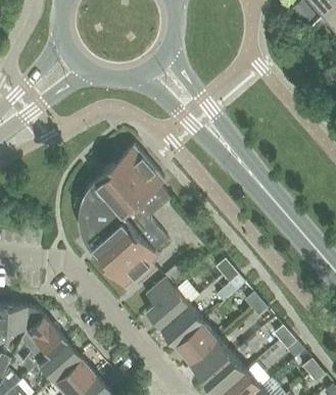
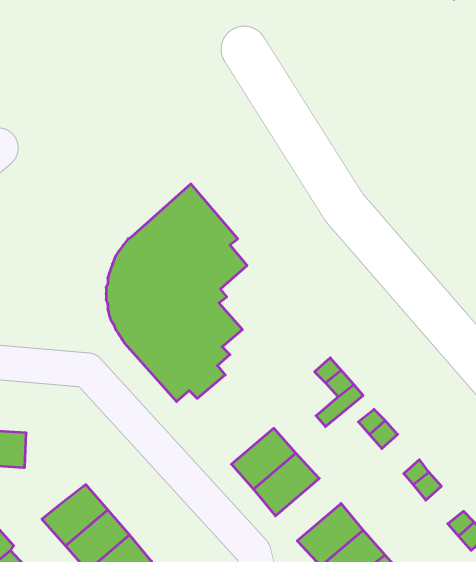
building: [146,279,189,329] -> none
building: [19,308,66,364] -> none
building: [190,338,233,379] -> none

